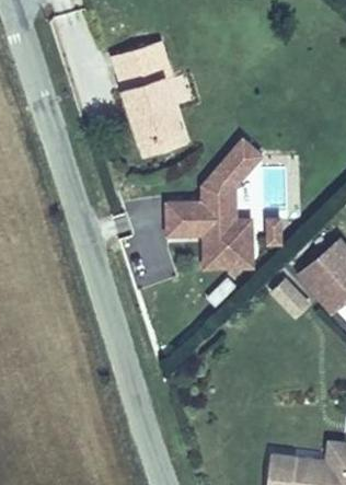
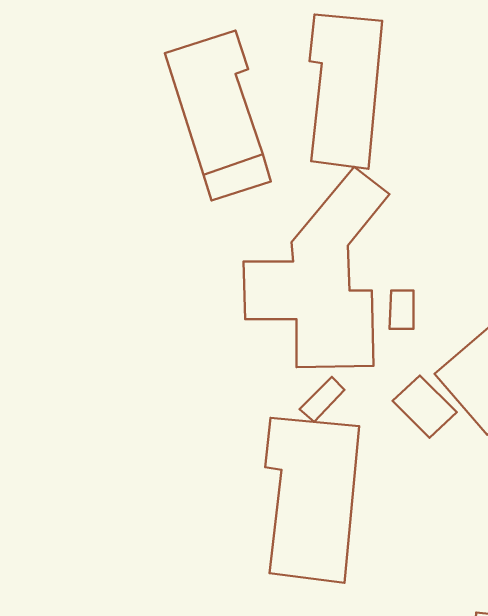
building: none -> [309,14,382,169]
building: none -> [265,418,359,583]

